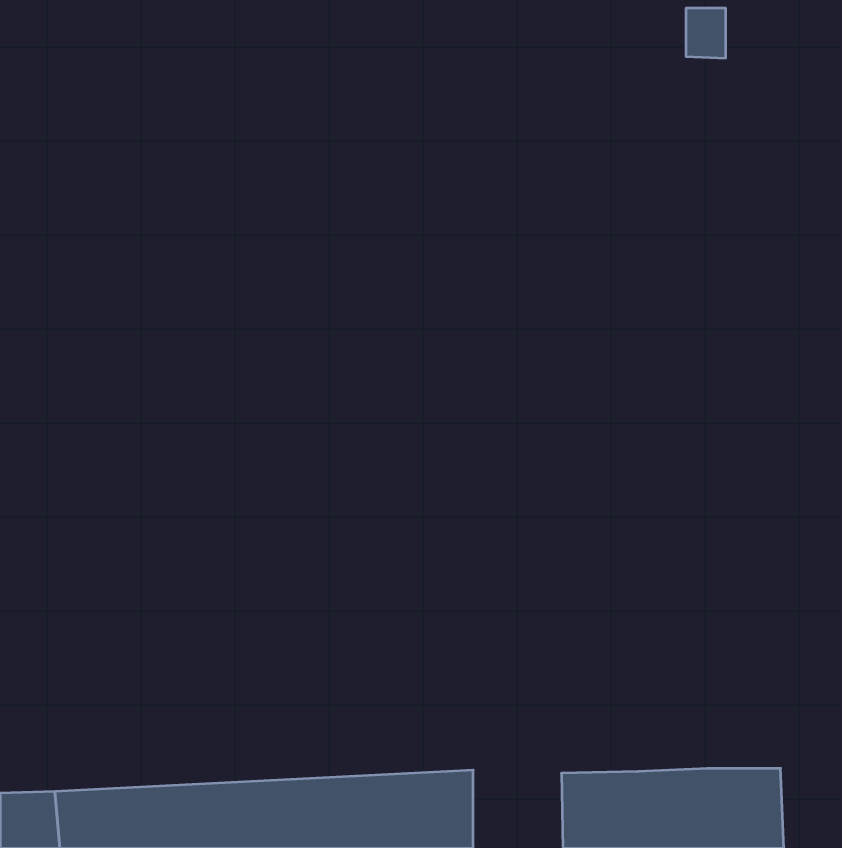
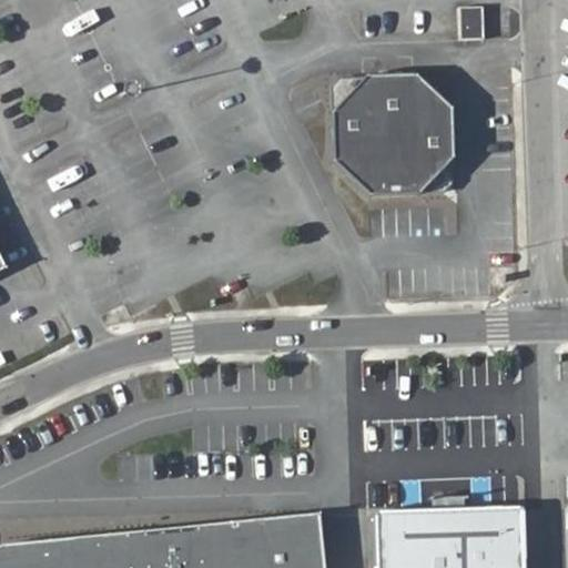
building: none -> [335,80,456,200]

